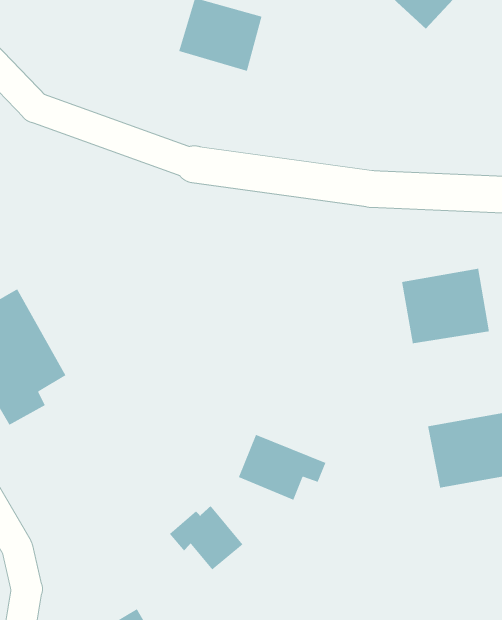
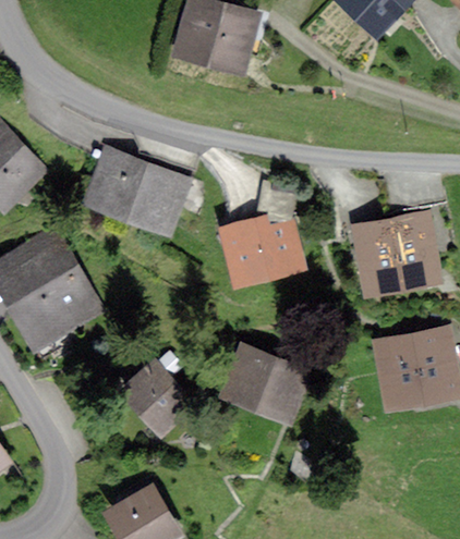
building: none -> [92,155,179,221]
building: none -> [228,180,294,273]
building: [169,505,244,571] -> [122,367,182,419]

